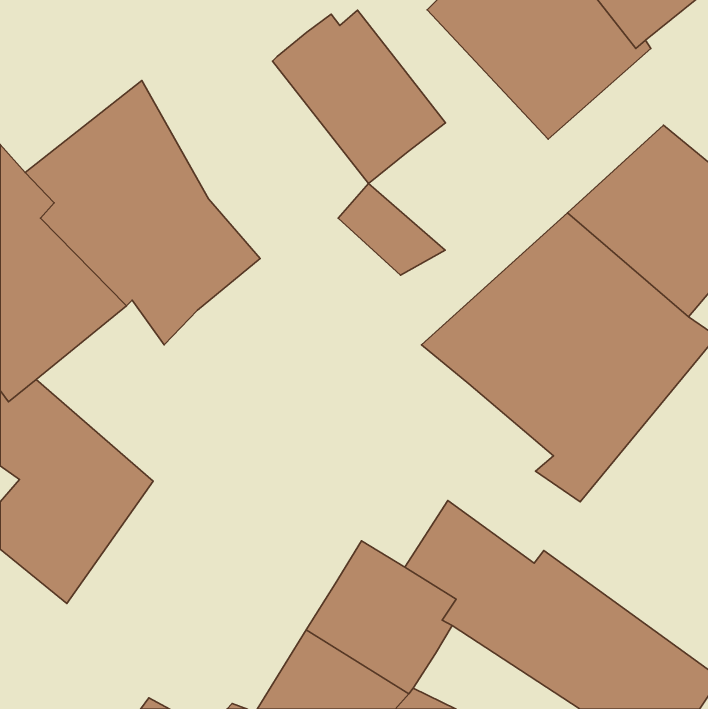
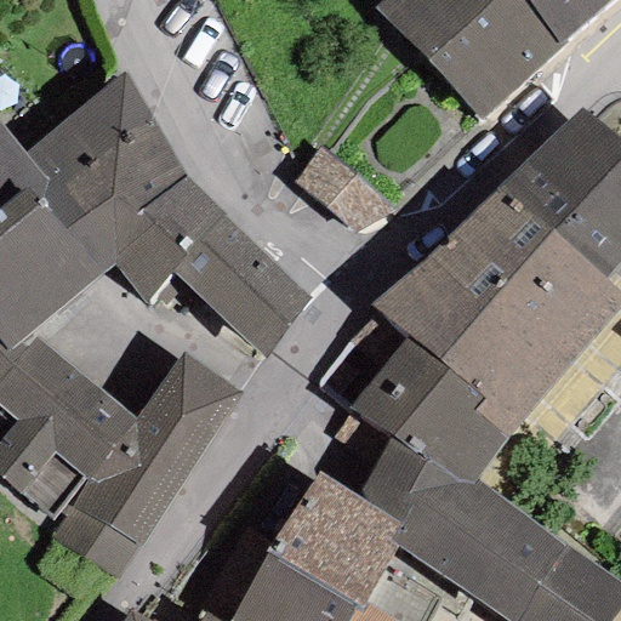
building: [272,10,446,184] -> none
building: none -> [175,226,312,359]
building: none -> [349,335,508,491]
building: none -> [53,354,243,577]

